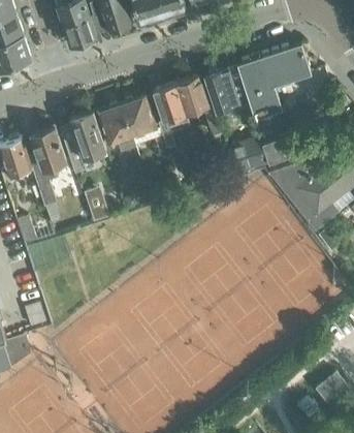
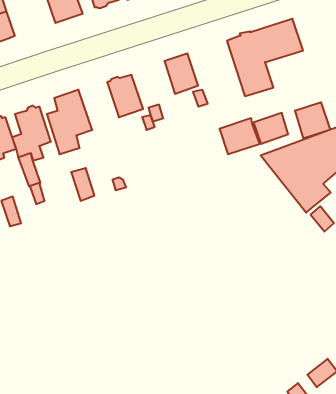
building: [204,71,239,113] -> none
building: [154,86,190,131] -> none
building: [98,106,135,155] -> none
building: none -> [295,102,330,139]

